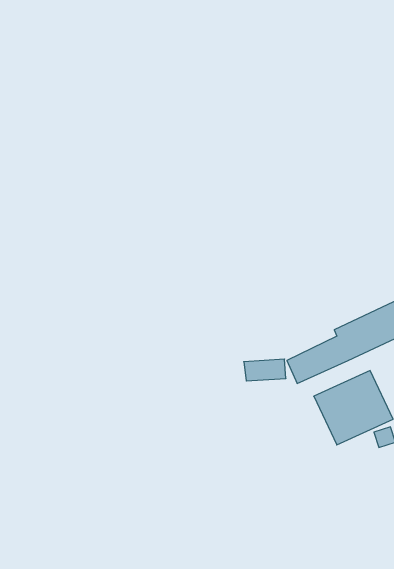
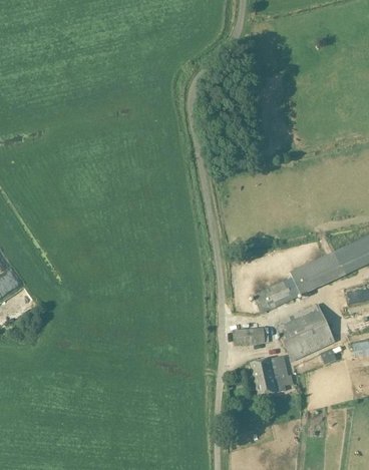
building: [244,359,286,381] -> [232,328,265,345]
building: none -> [250,356,293,397]

